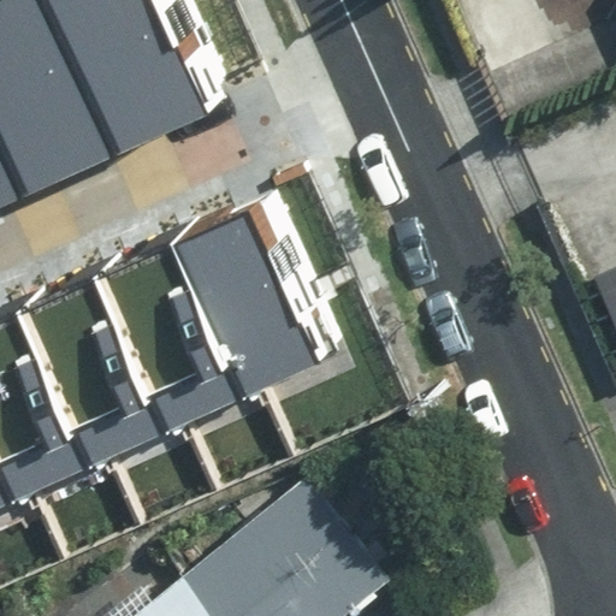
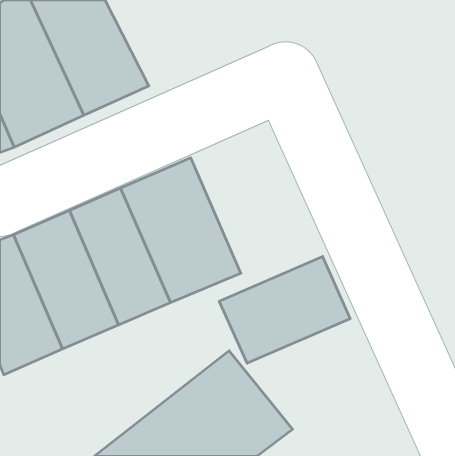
building: none -> [219,256,350,363]

